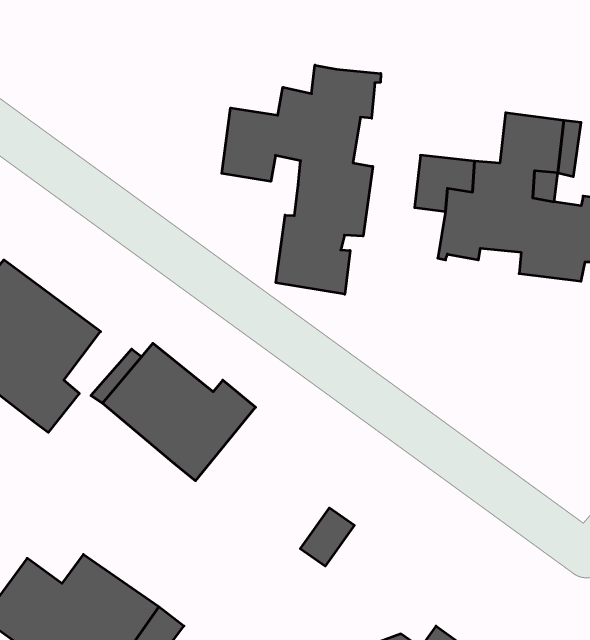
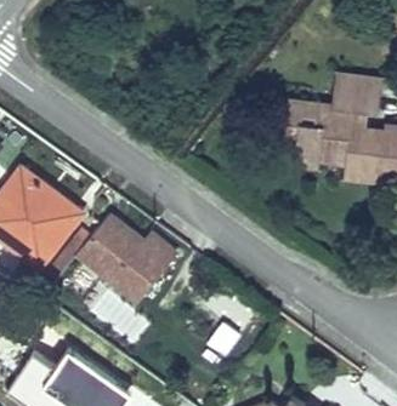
building: [222,65,381,294] -> none

